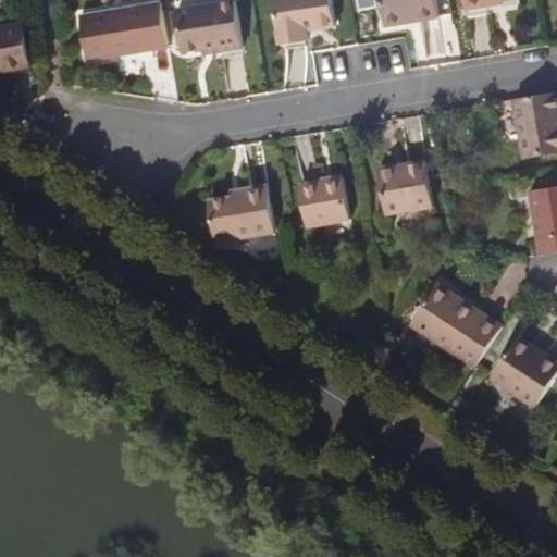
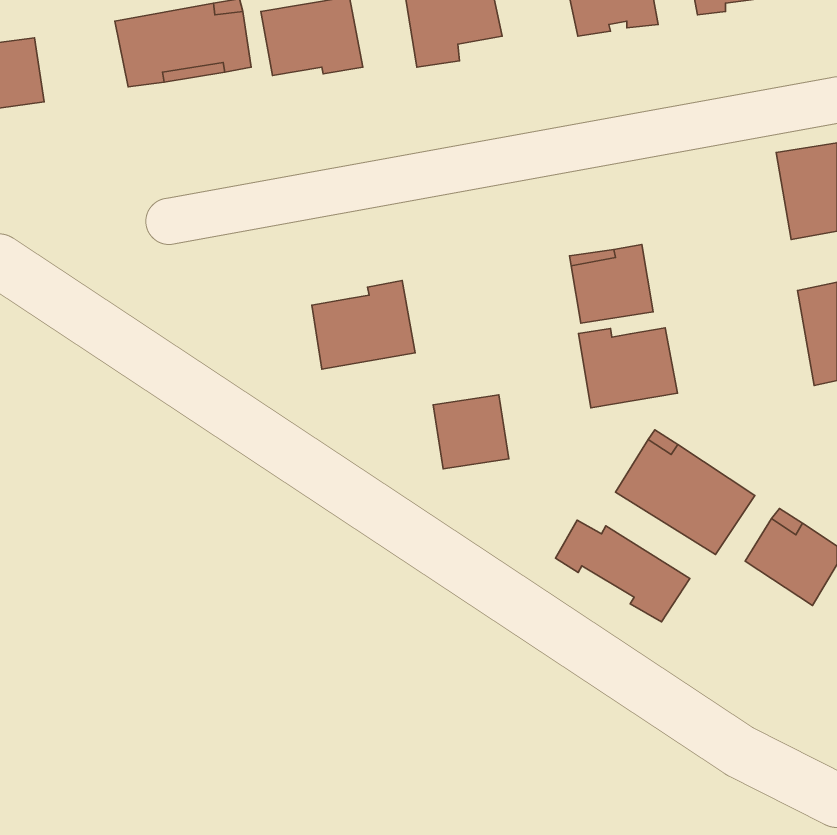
building: [300,180,350,228] -> [433,395,509,469]
building: none -> [578,328,677,408]
building: none -> [556,520,690,622]

